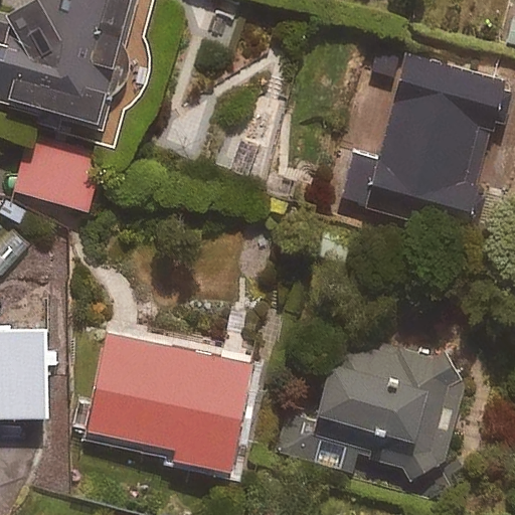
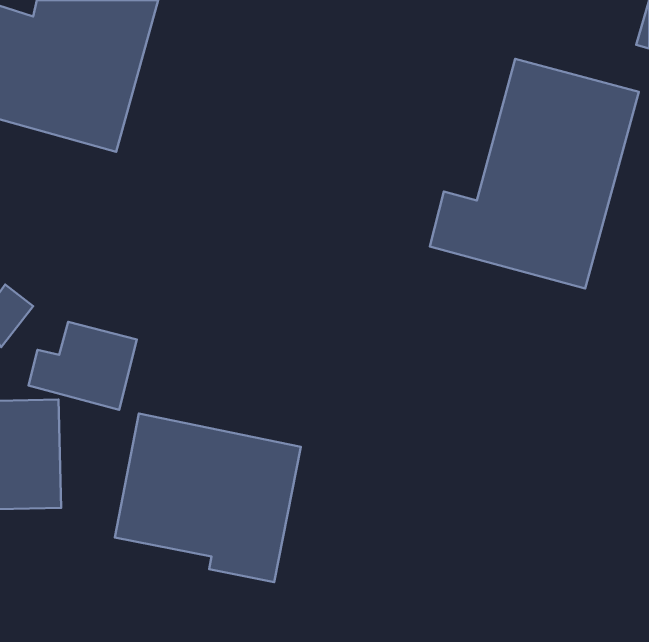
building: [14,143,100,212] -> [29,322,137,410]
building: [278,328,461,483] -> none

